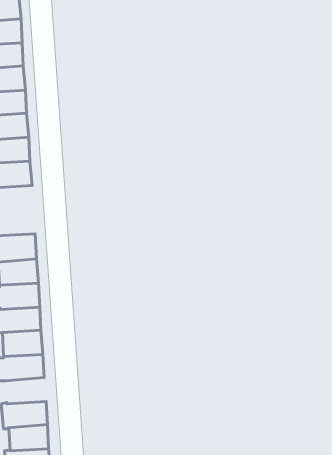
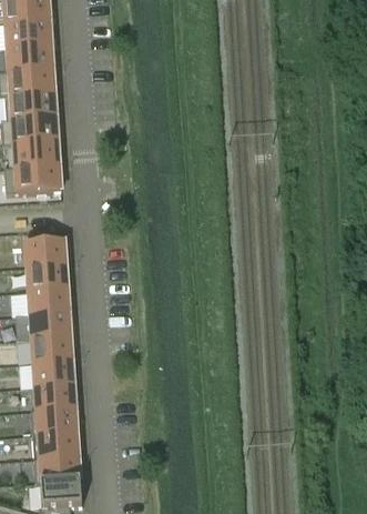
building: none -> [34,384,75,411]

